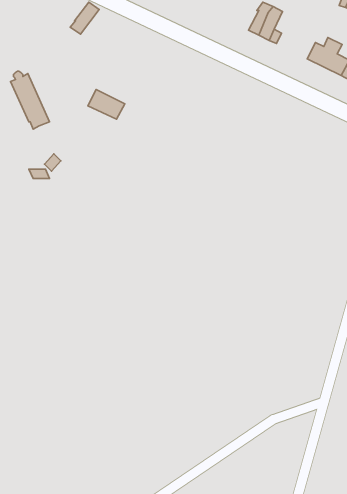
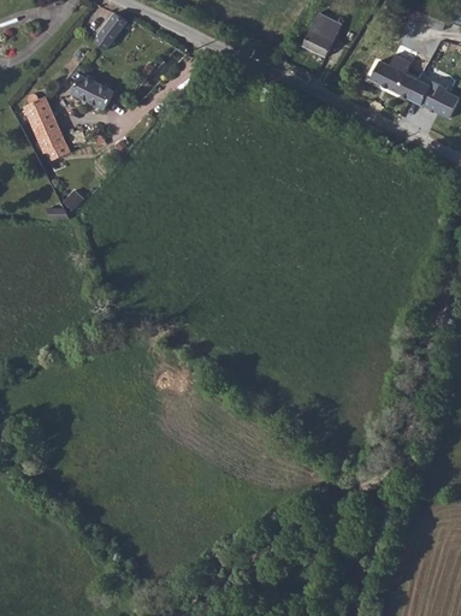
building: [88,89,125,119] -> [70,73,113,108]

